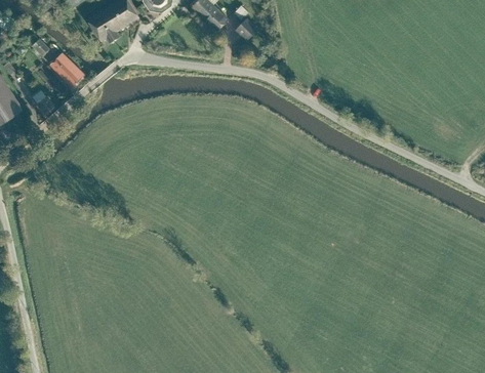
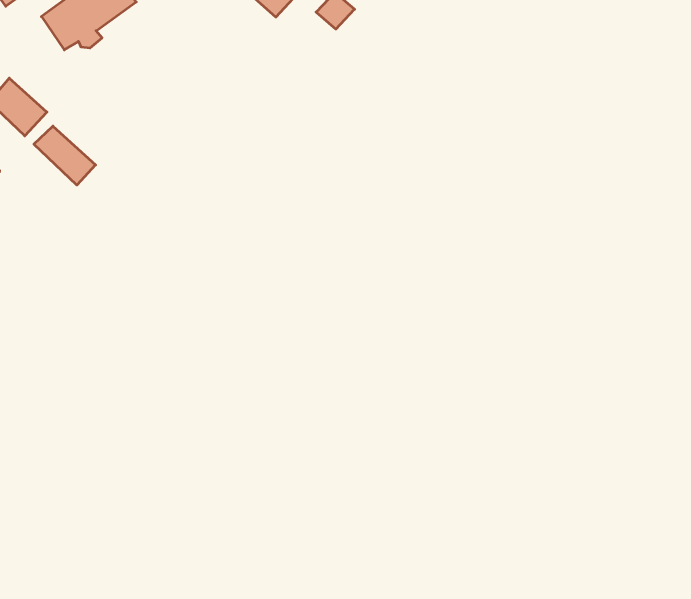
building: none -> [34,126,96,185]

